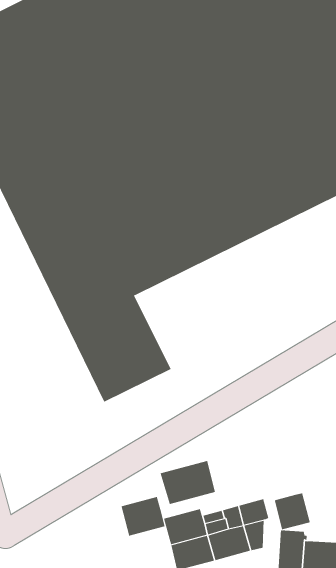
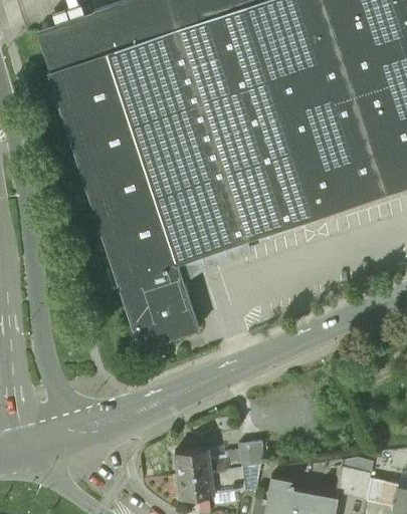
building: [160,460,216,505] -> none
building: [274,493,310,530] -> none
building: [121,496,165,536] -> none

